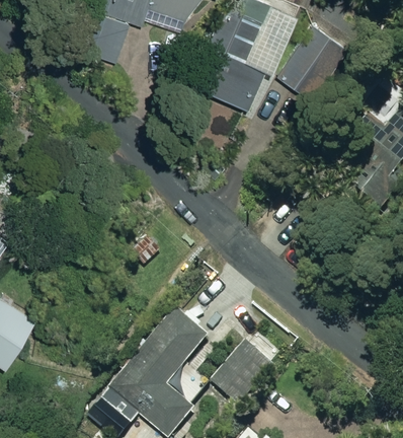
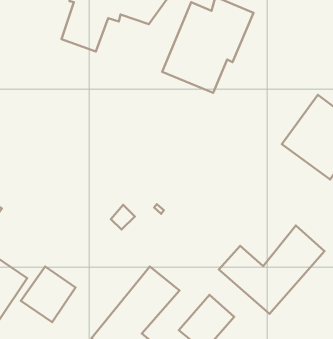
building: [277,25,347,100] -> none
building: none -> [219,226,324,314]
building: none -> [21,267,75,322]

